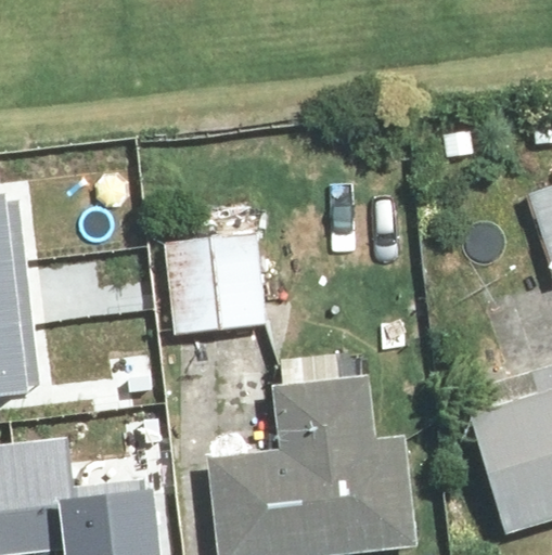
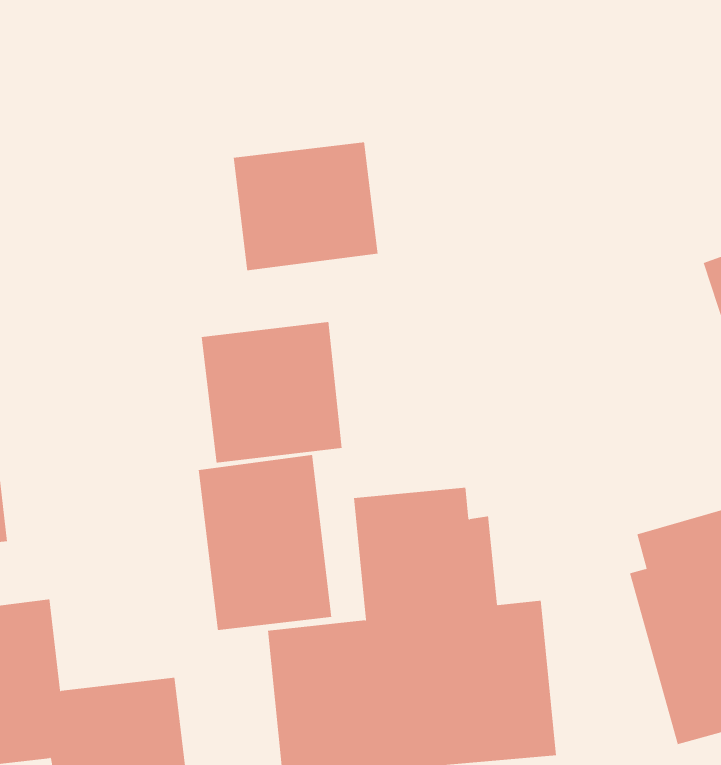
building: none -> [233,141,378,271]
building: none -> [198,454,332,631]

